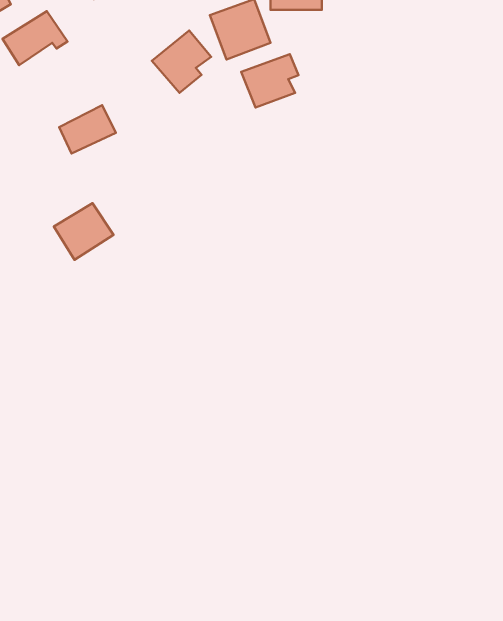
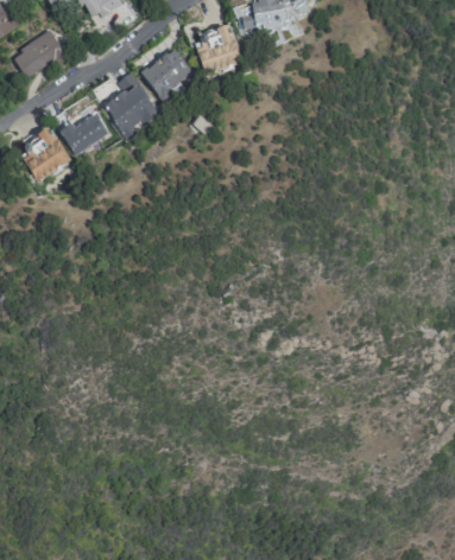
building: [241,54,298,108] -> none
building: none -> [103,72,159,139]
building: [54,203,113,260] -> [20,132,71,180]

